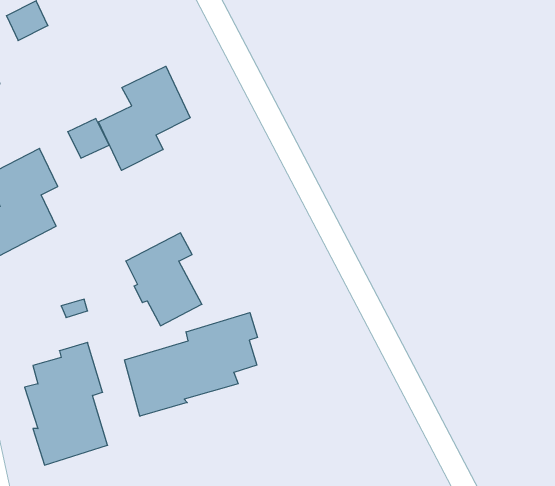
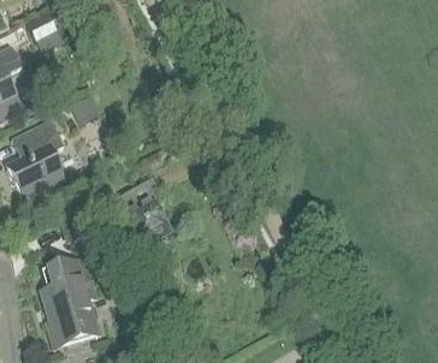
building: [99,66,190,170] -> none
building: [124,313,258,416] -> none

